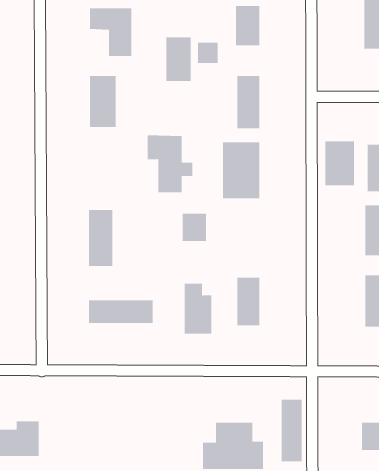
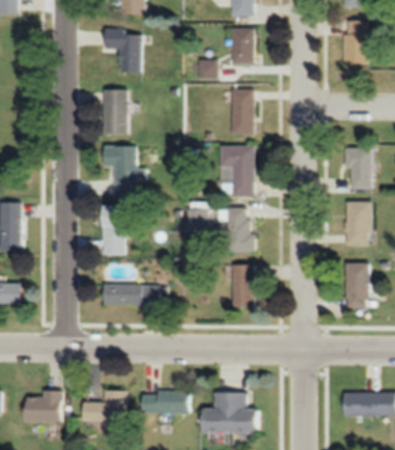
building: [166,37,191,82] -> none
building: [147,135,193,193] -> [104,145,144,196]
building: [325,140,354,186] -> none
building: [184,283,212,334] -> [228,208,253,253]
building: [281,399,302,462] -> none
building: none -> [84,391,125,422]
building: none -> [142,392,189,415]

